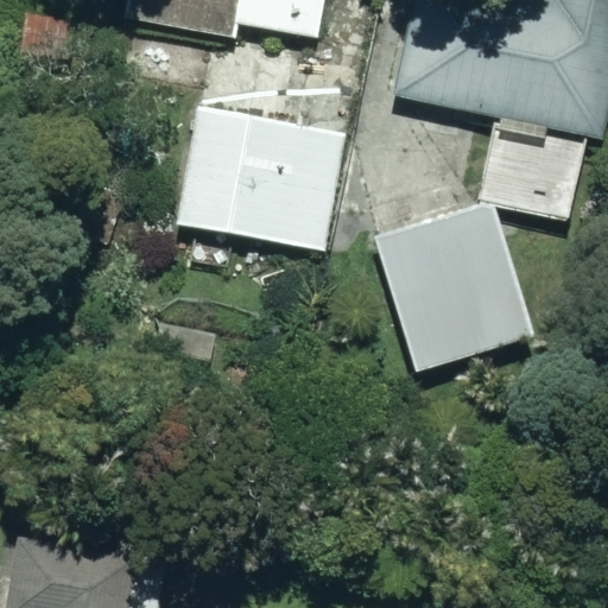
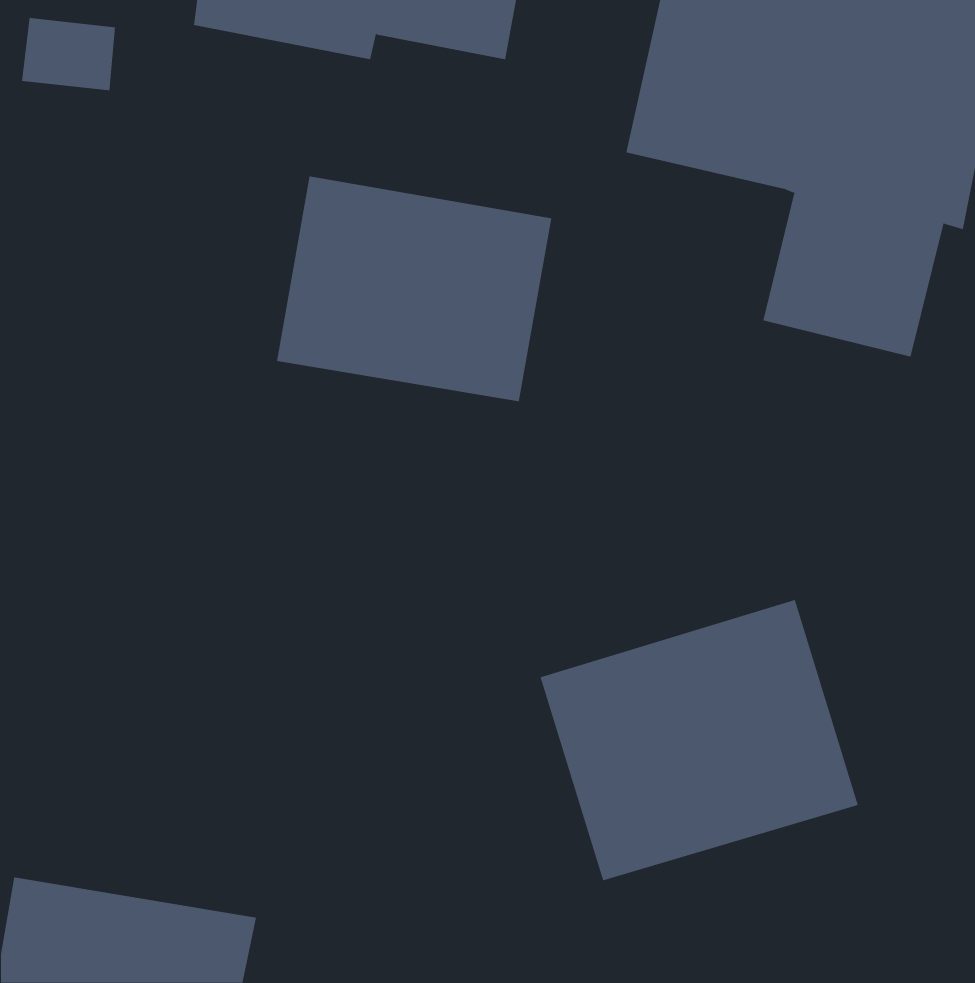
building: [373,203,533,374] -> none
building: none -> [540,599,859,881]

